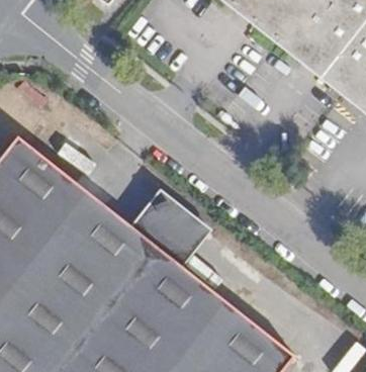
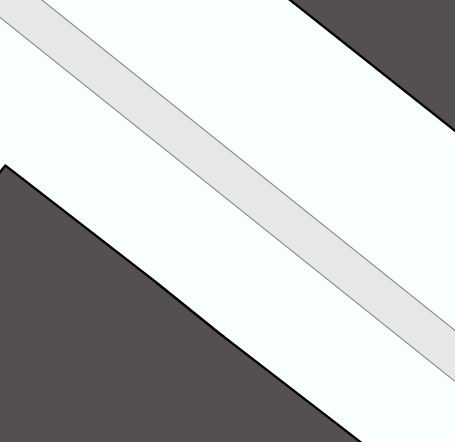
building: [133,192,213,269] -> none

